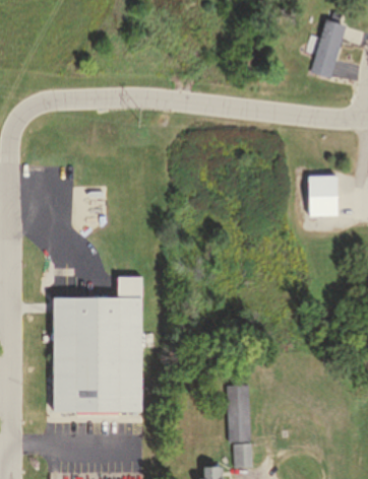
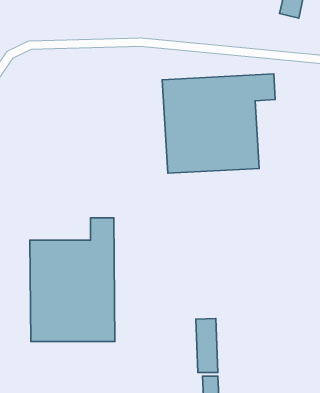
building: none -> [162,74,275,173]
building: [309,175,340,214] -> none

